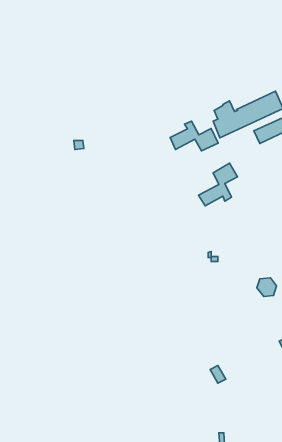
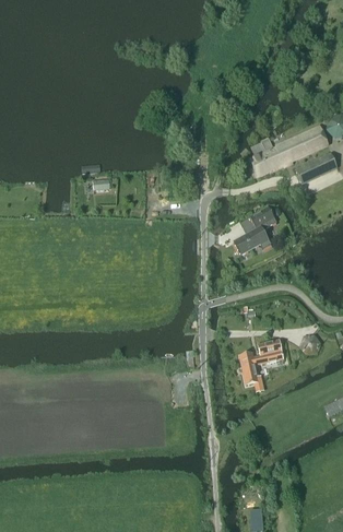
building: [170,121,218,151] -> none
building: none -> [238,340,282,392]

